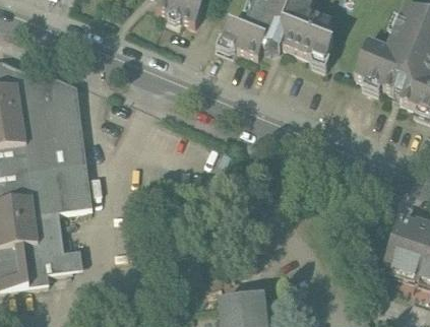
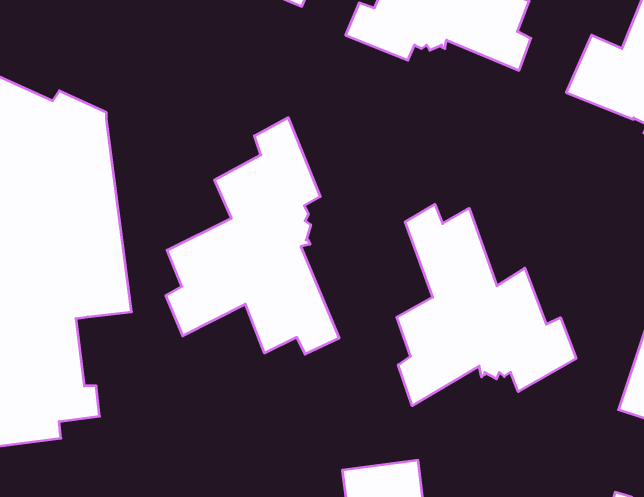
building: none -> [166,118,339,354]
building: none -> [397,204,576,406]

